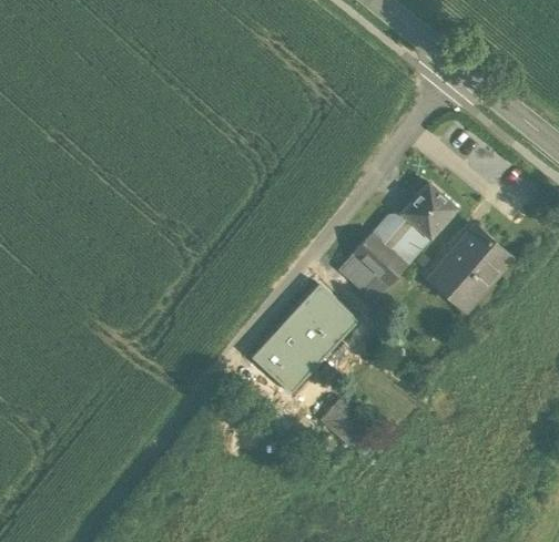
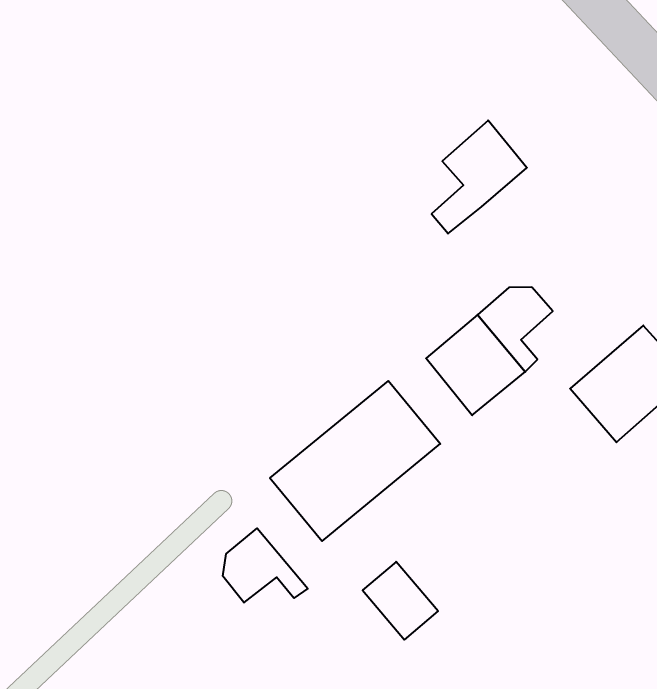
building: [399,183,456,258] -> [432,120,527,234]
building: none -> [223,528,308,603]

